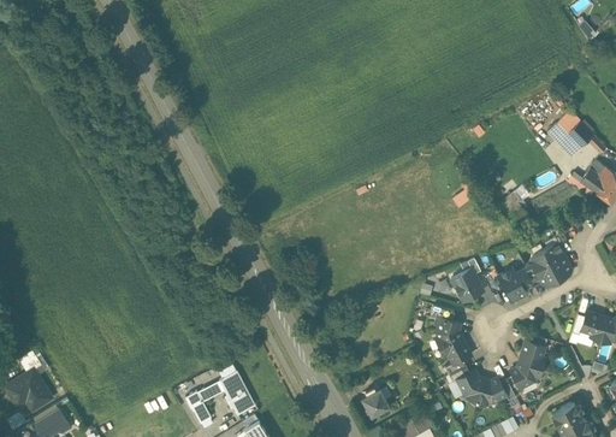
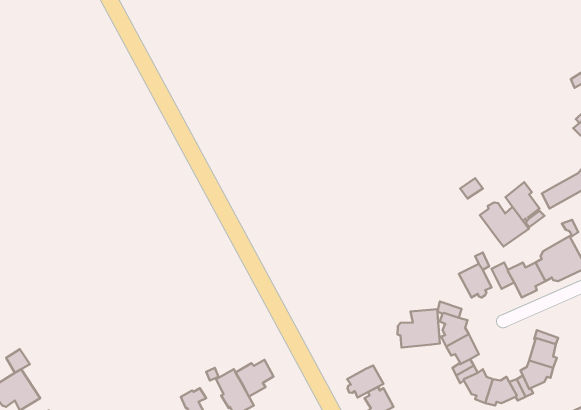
building: none -> [480,202,529,247]
building: none -> [398,309,440,348]
building: none -> [236,360,274,396]
building: none -> [347,365,384,397]

